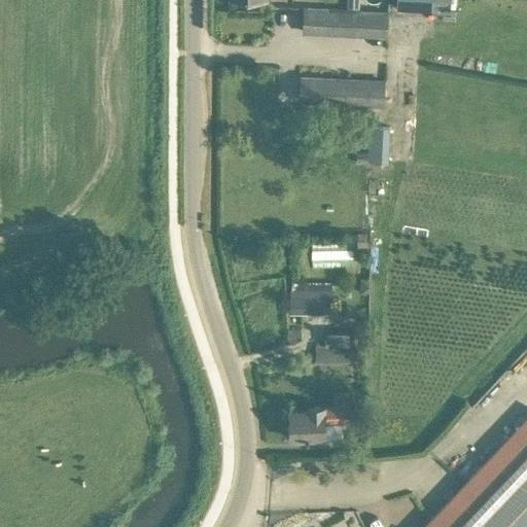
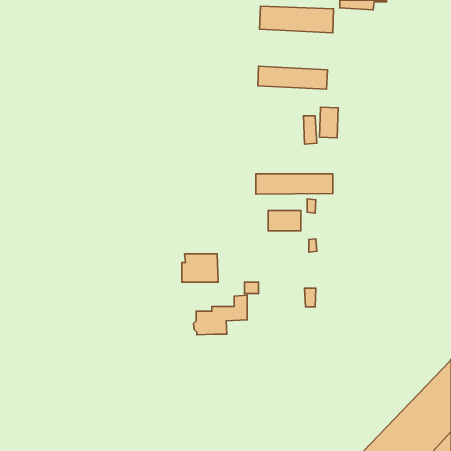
building: none -> [256,174,333,194]
building: [290,282,332,315] -> [182,254,218,282]
building: [316,333,349,363] -> none
building: [287,393,350,440] -> [193,295,247,335]

